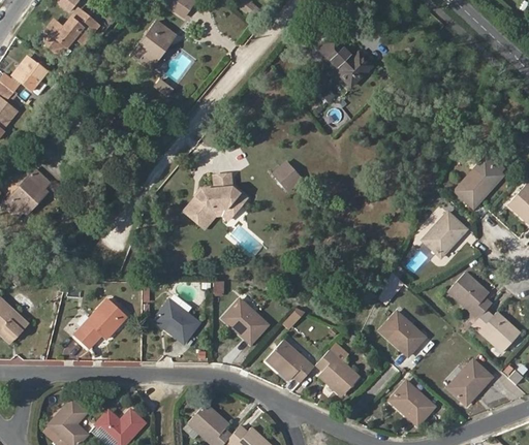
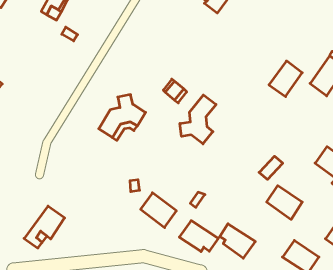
building: none -> [180,95,216,144]
building: [423,213,466,257] -> [269,61,302,97]
building: [154,299,199,343] -> none

